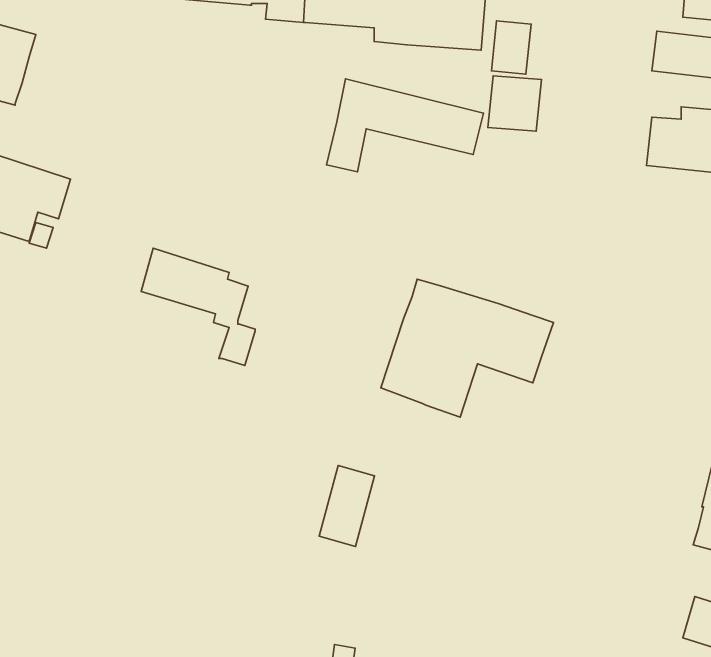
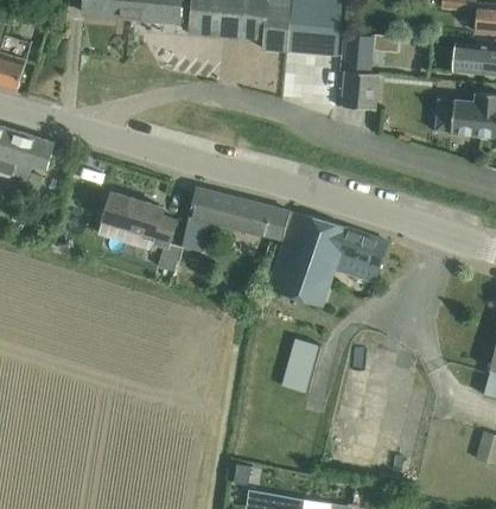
building: [326,79,483,172] -> [180,187,288,252]
building: [319,466,374,547] -> [280,338,318,394]

